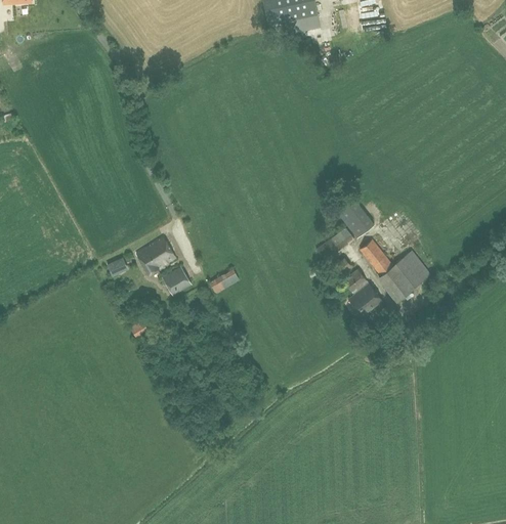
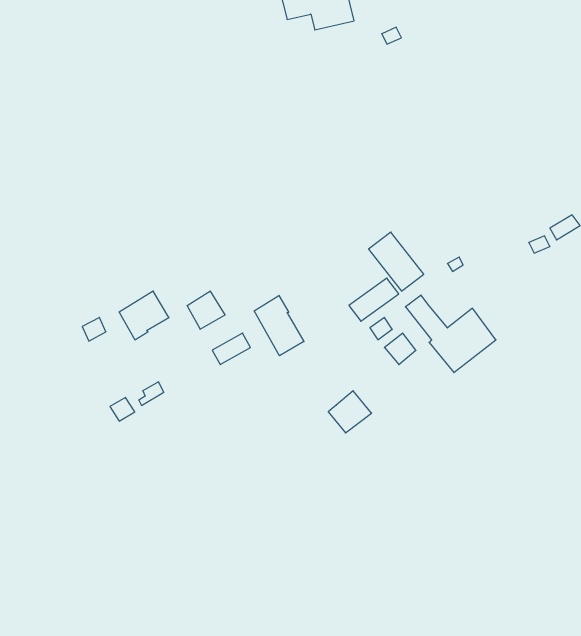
building: none -> [254,295,304,356]
building: [162,265,192,295] -> [187,291,225,329]
building: [348,282,382,315] -> [328,391,372,433]

